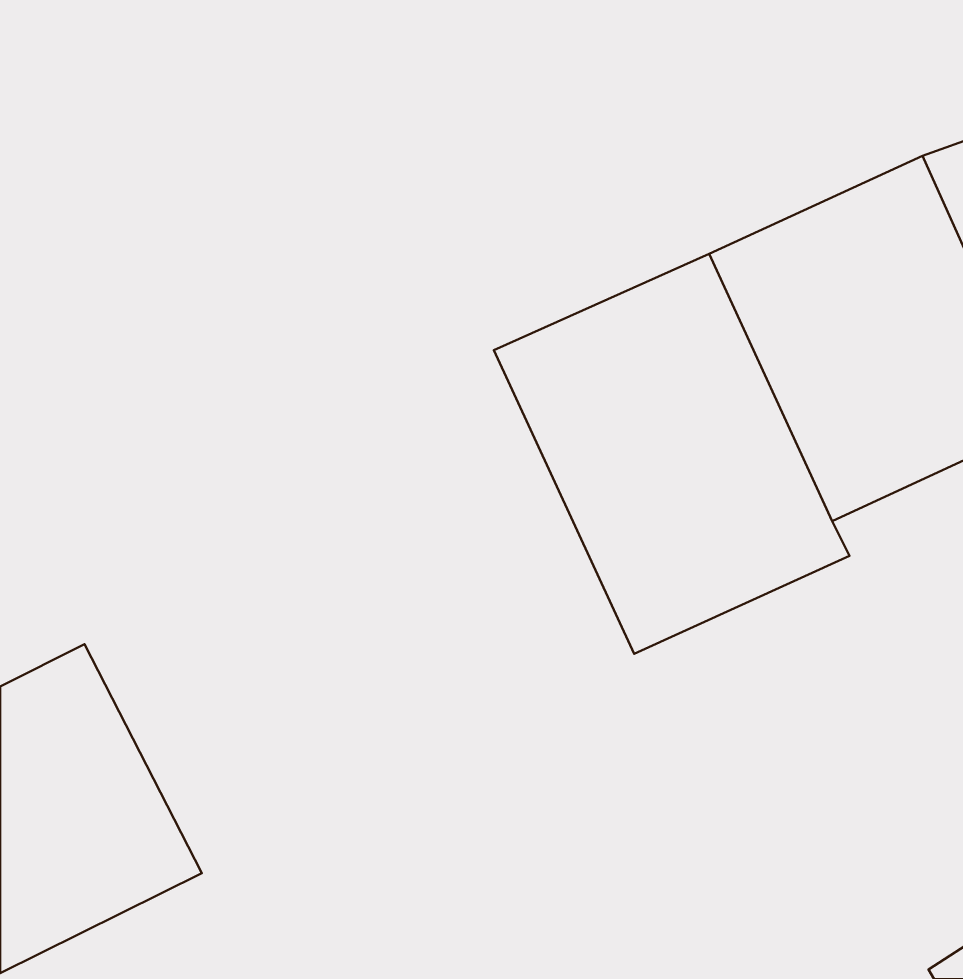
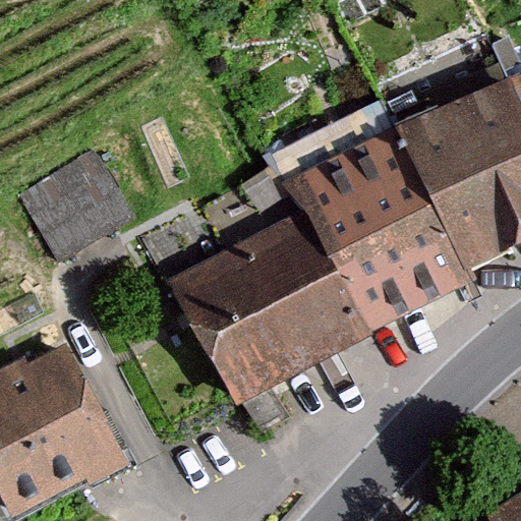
building: none -> [32,139,149,255]
building: none -> [159,221,346,407]

